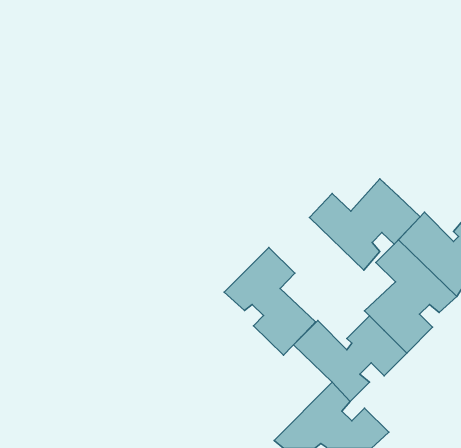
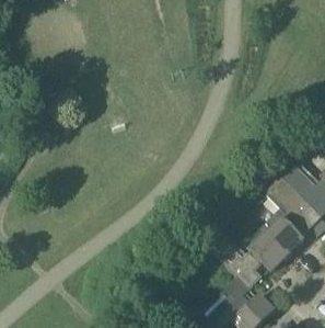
building: [310,179,420,270] -> none
building: [224,248,315,355] -> none

